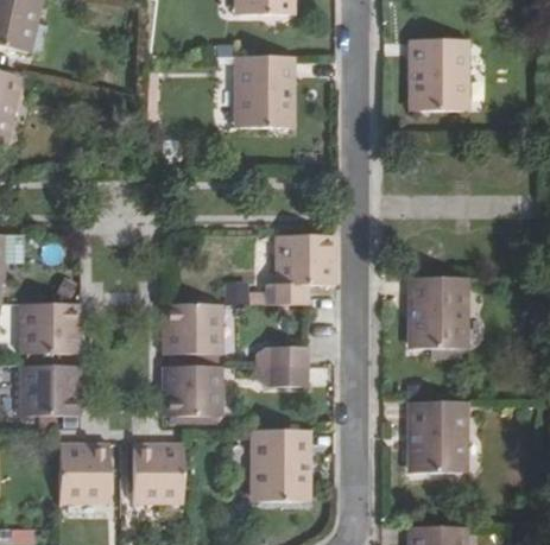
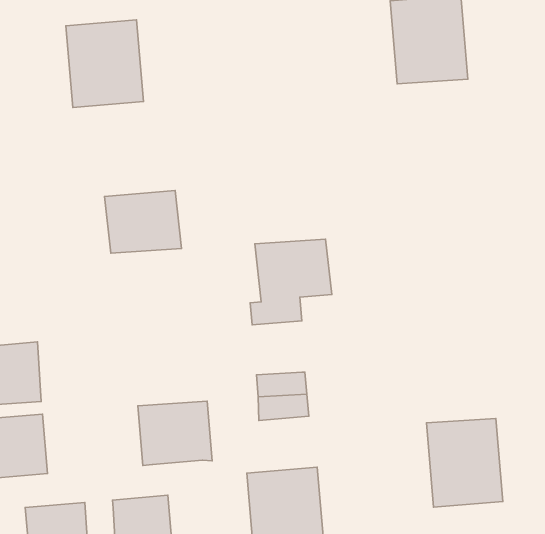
building: [234,57,295,127] -> [66,20,143,108]
building: [407,277,468,349] -> none
building: [162,304,223,354] -> [105,190,181,253]

